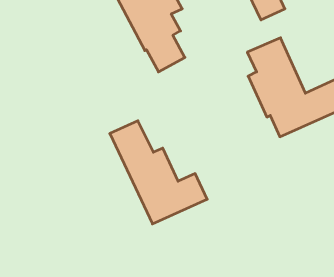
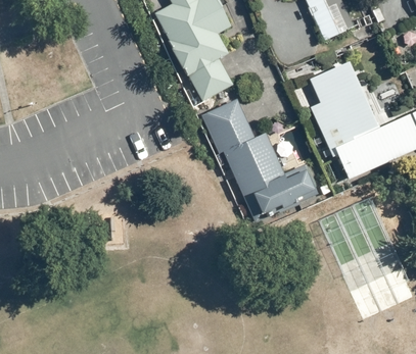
building: [110,121,207,224] -> [203,100,320,223]

